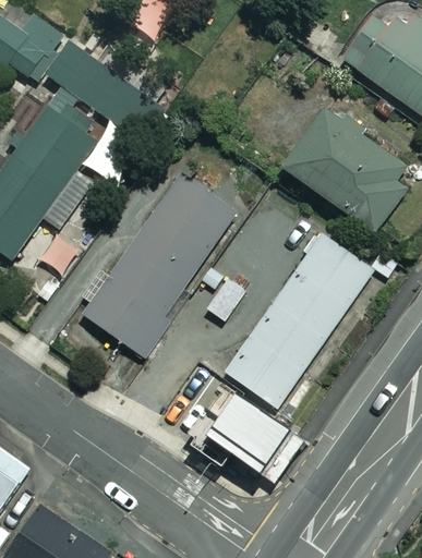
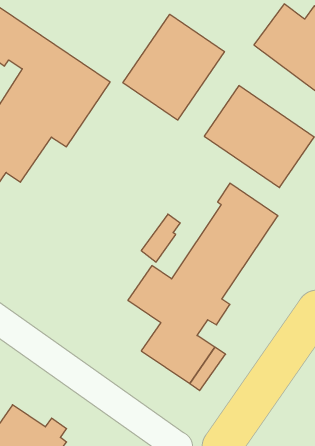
building: none -> [123,14,224,120]
building: [83,174,243,354] -> none

